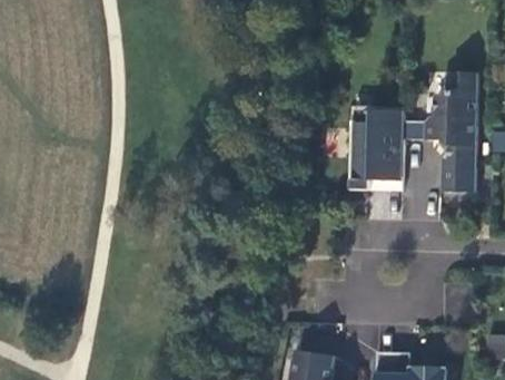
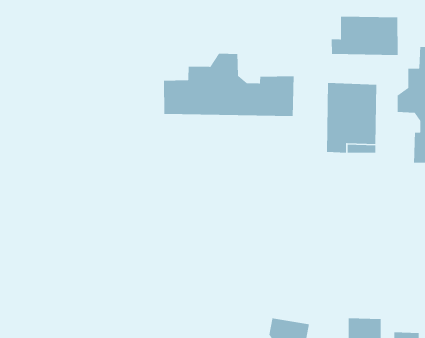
building: none -> [331,16,399,56]
building: none -> [163,53,295,117]

